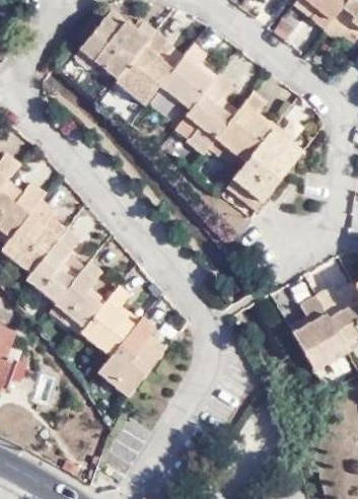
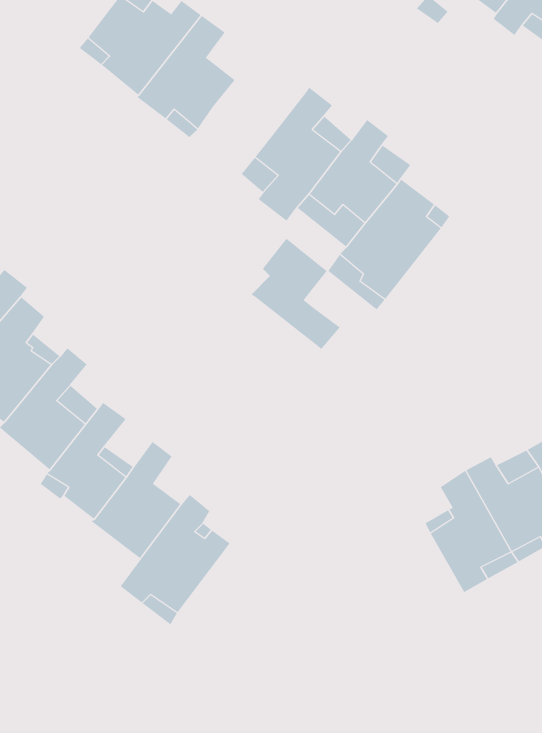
building: [156,46,211,110] -> none
building: none -> [251,238,341,350]

